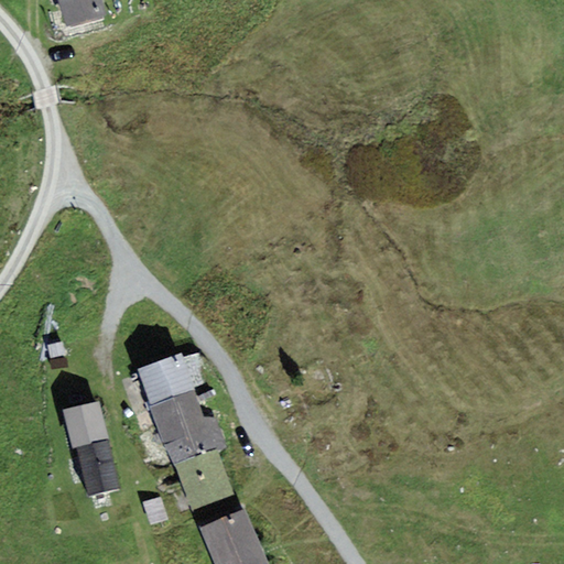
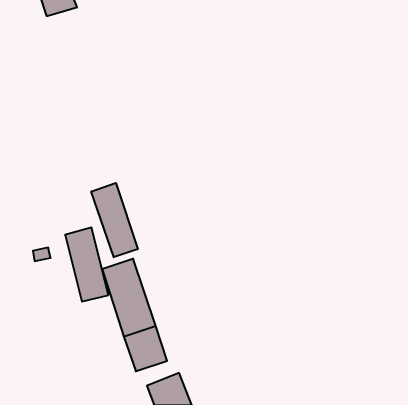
building: none -> [91,183,138,257]
building: [65,400,124,501] -> [65,228,108,302]

